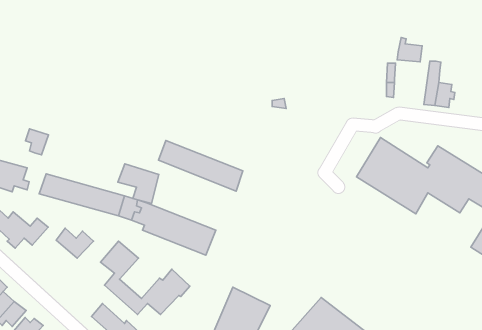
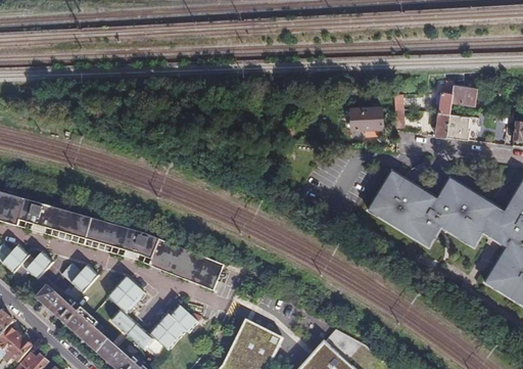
building: [397,38,422,62] -> [451,79,477,103]
building: none -> [351,107,383,132]
building: [25,129,49,155] -> [28,200,51,227]
building: [159,140,243,191] -> none
building: [118,164,159,204] -> none
building: none -> [37,285,108,352]

